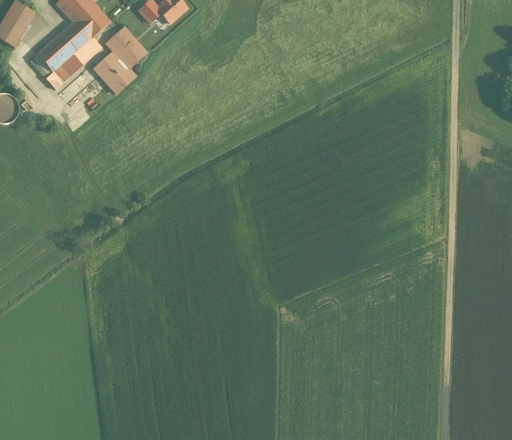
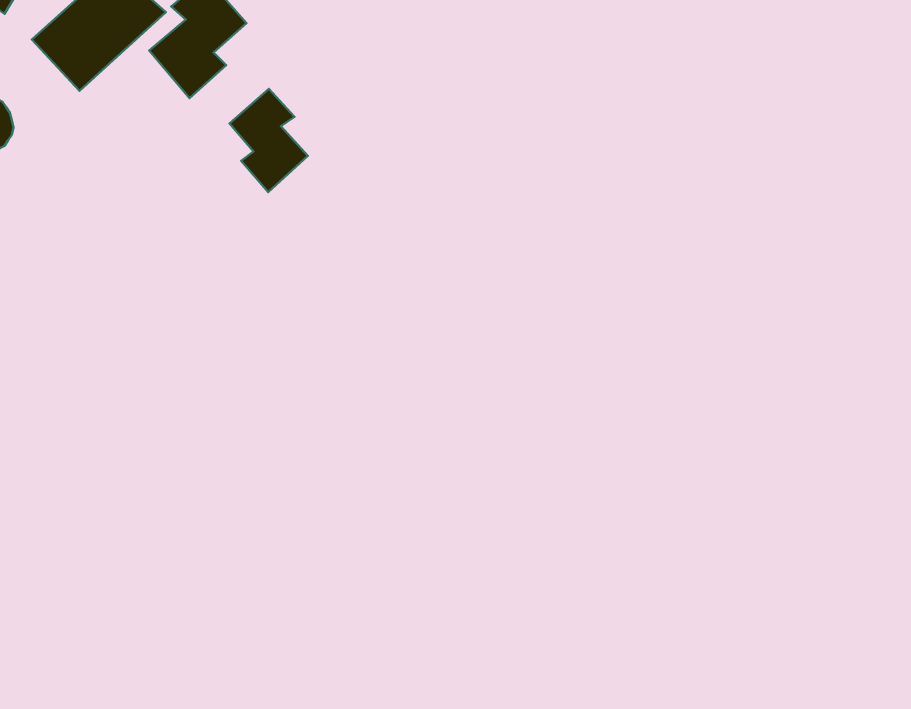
building: none -> [229,89,308,192]

